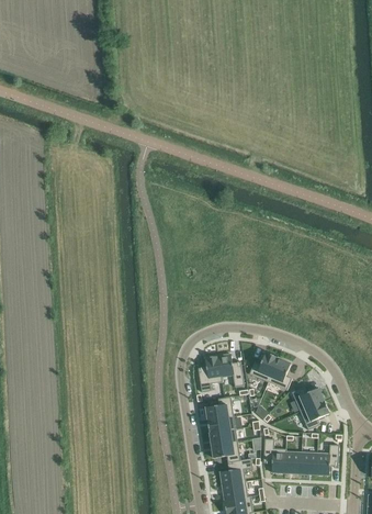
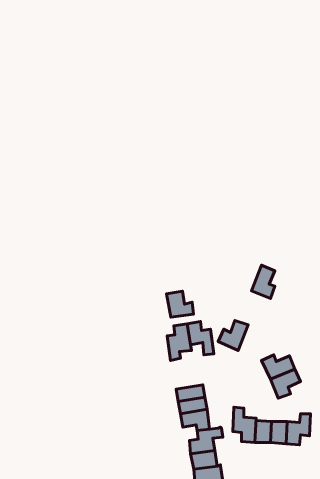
building: none -> [167,291,194,317]
building: [268,357,291,390] -> [251,265,275,299]
building: [205,396,233,421] -> none

